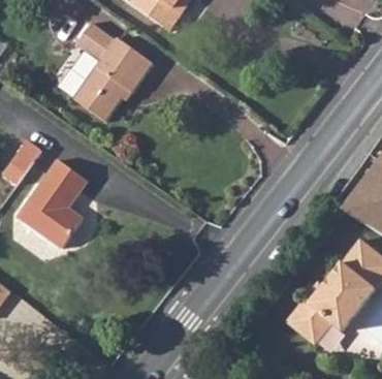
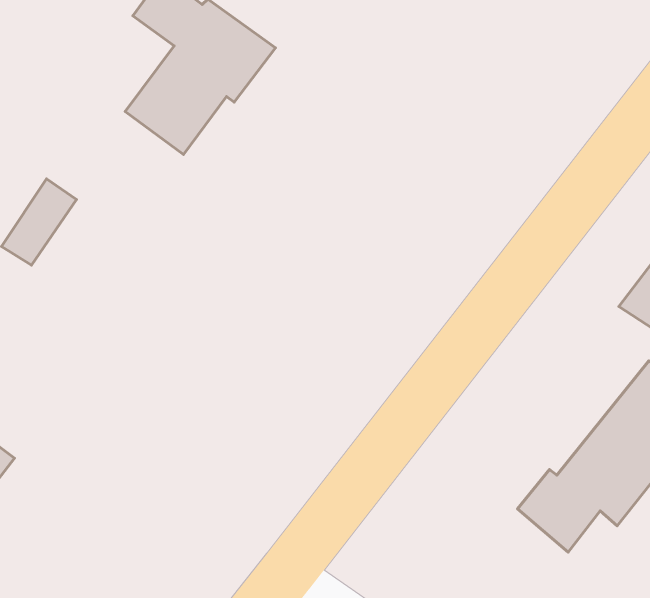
building: [18,158,89,249] -> none

